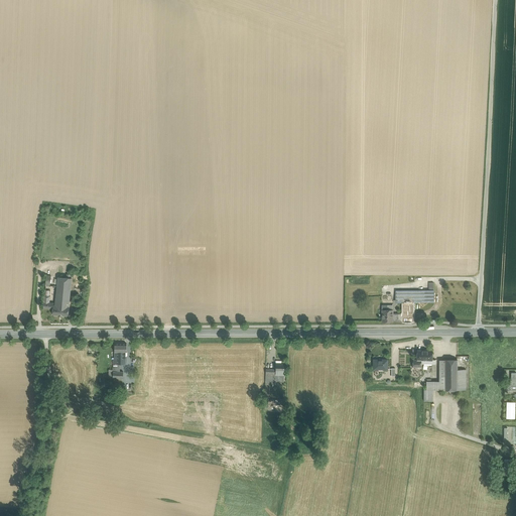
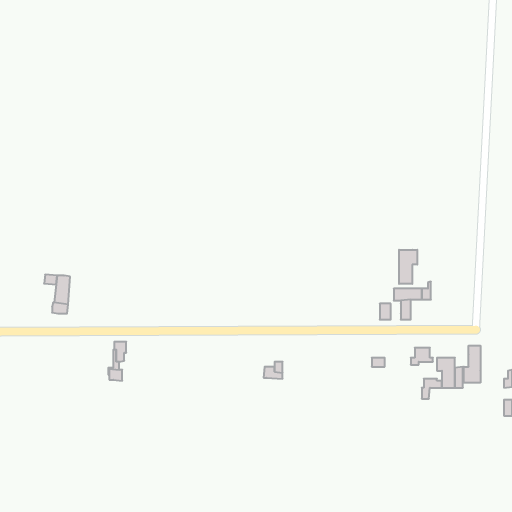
building: none -> [399,250,417,284]
building: none -> [464,346,480,383]

